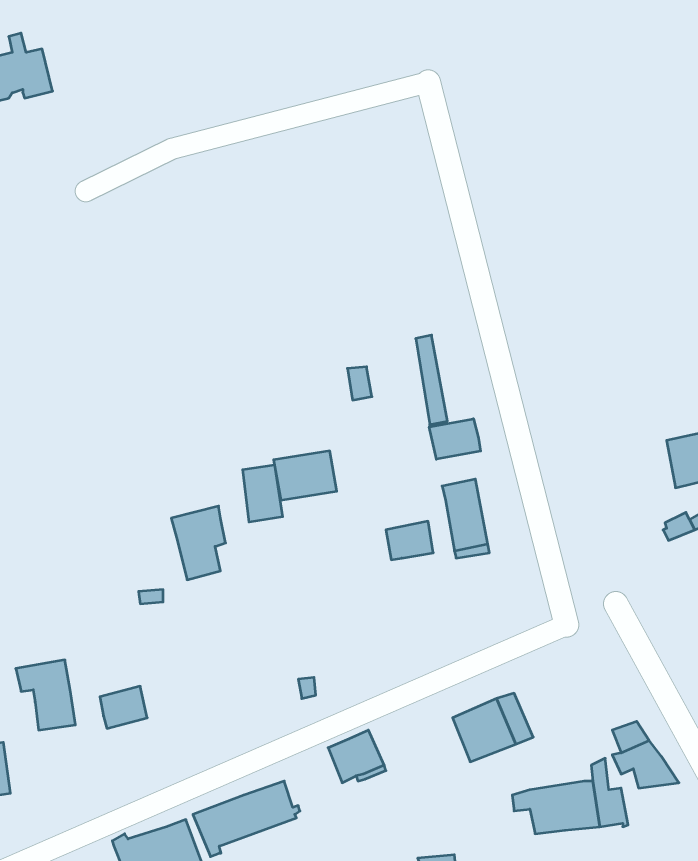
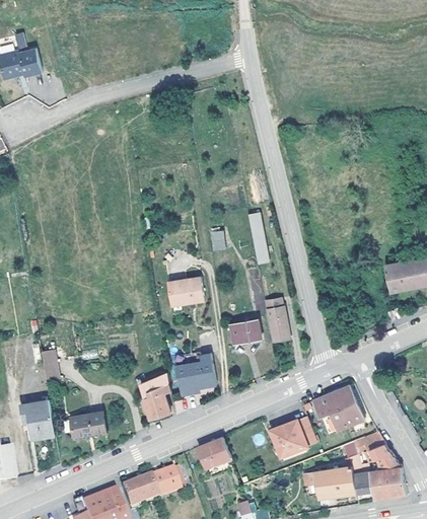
building: [429,419,481,459] -> none
building: [243,465,283,522] -> none
building: [171,506,226,580] -> [140,374,171,417]
building: none -> [39,347,59,380]
building: none -> [172,355,215,395]
building: none -> [313,386,364,431]
building: none -> [368,468,407,500]

